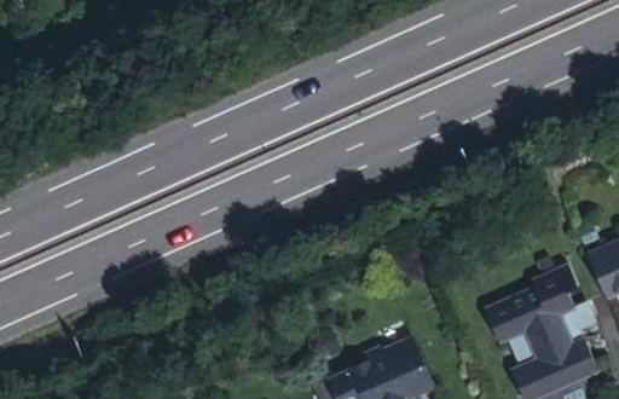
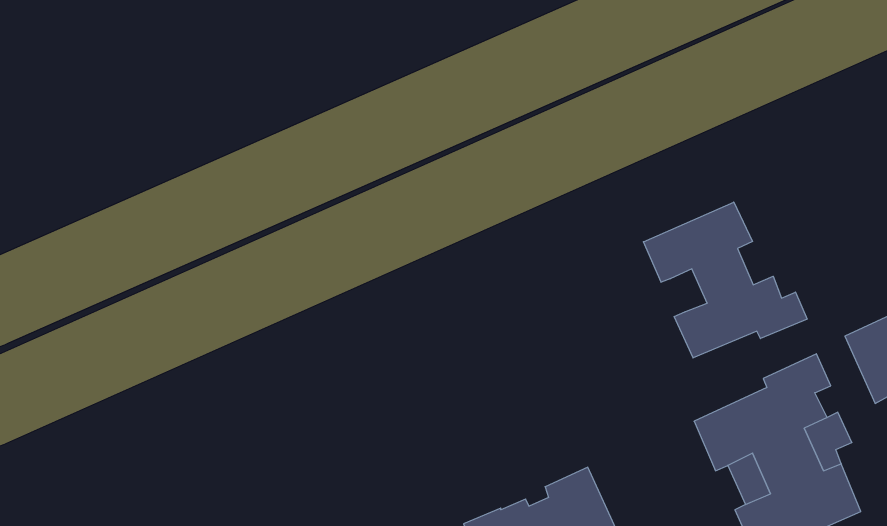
building: none -> [643,202,807,358]

